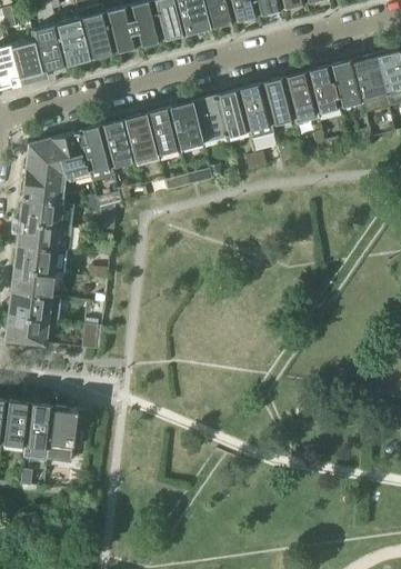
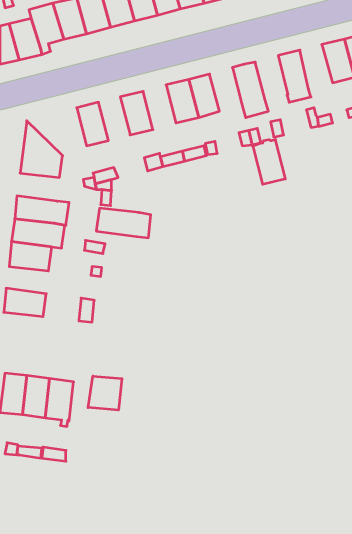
building: [308,67,341,112] -> none
building: [262,78,295,123] -> [253,140,285,184]
building: [215,90,249,134] -> none
building: [148,108,181,153] -> none
building: [102,120,134,164] -> none
building: [29,131,92,183] -> none
building: [19,198,74,228] -> [96,208,151,238]
building: [8,293,60,322] -> none
building: none -> [88,376,122,410]

